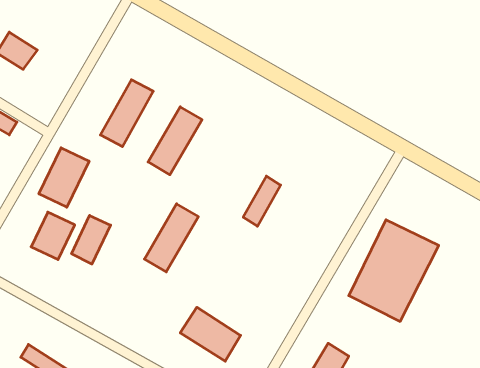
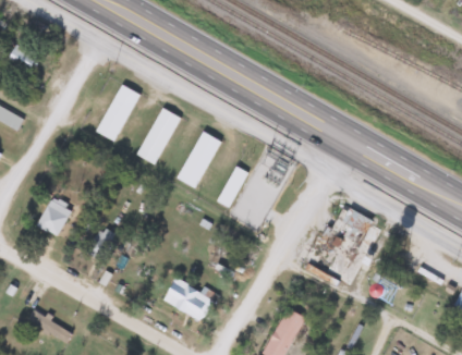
building: [39,148,89,207] -> none
building: [144,204,198,272] -> [175,131,221,188]
building: [72,215,111,264] -> none

